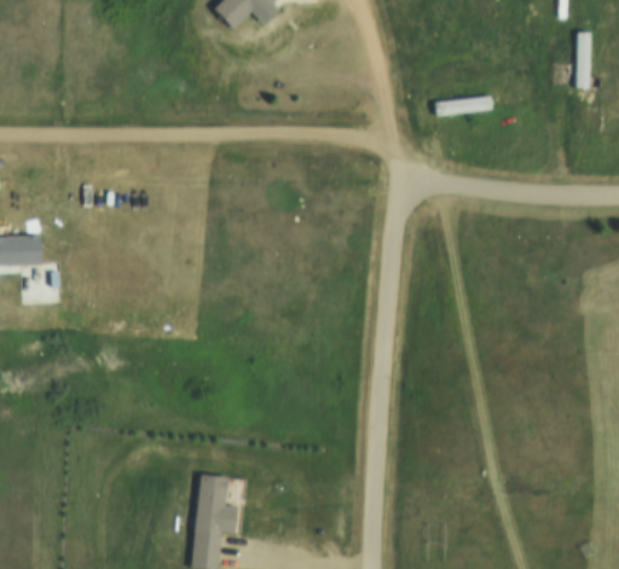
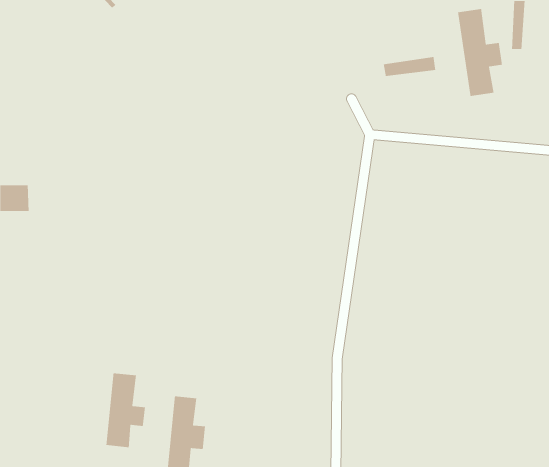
building: none -> [457,8,503,97]
building: none -> [106,372,146,448]

